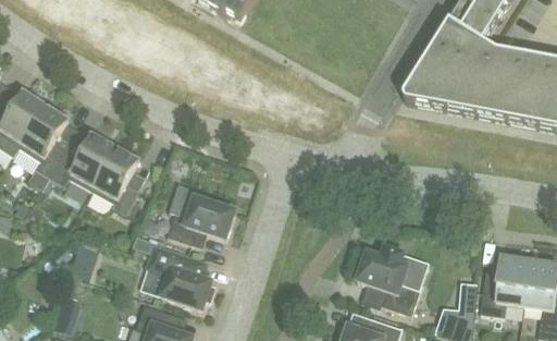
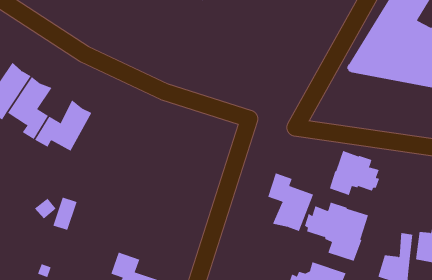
building: [91,145,140,212] -> none
building: [168,181,236,242] -> none
building: none -> [329,150,380,196]
building: none -> [267,173,314,232]
building: [147,244,215,308] -> none

